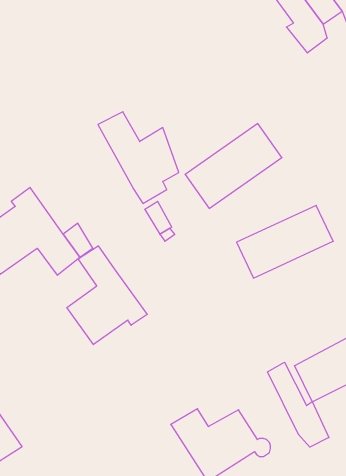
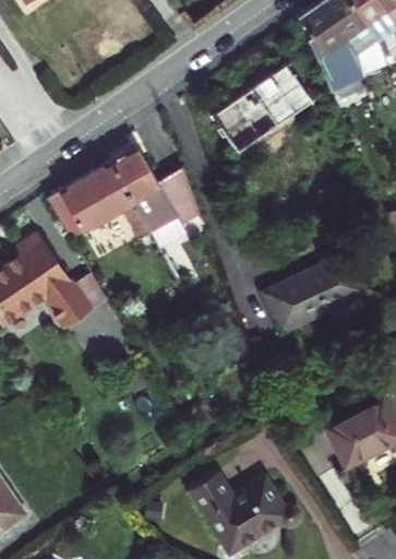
building: [185,124,282,208] -> [209,60,315,153]
building: none -> [47,164,149,241]
building: [67,246,147,345] -> none
building: [267,362,329,447] -> none

